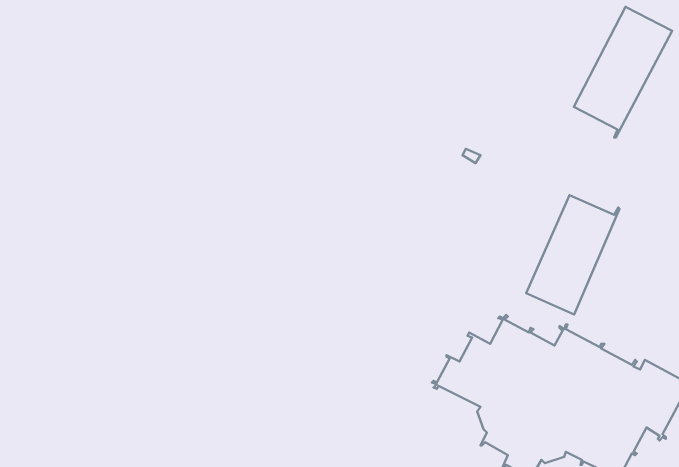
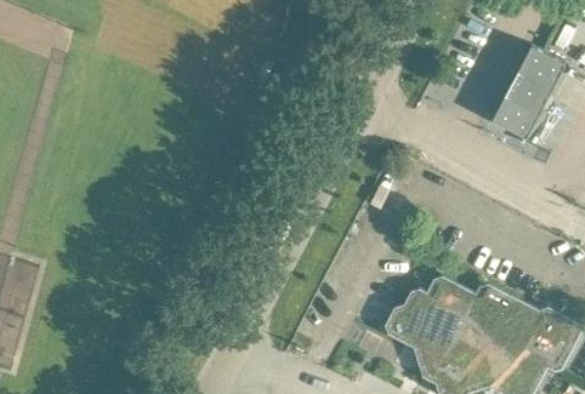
building: [526,195,619,314] -> none

